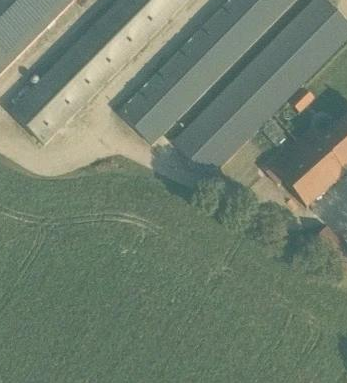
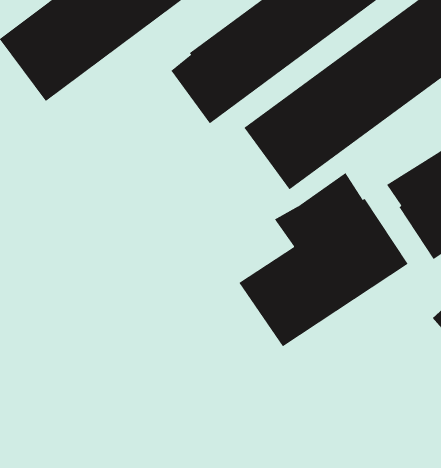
building: none -> [239,172,409,347]

